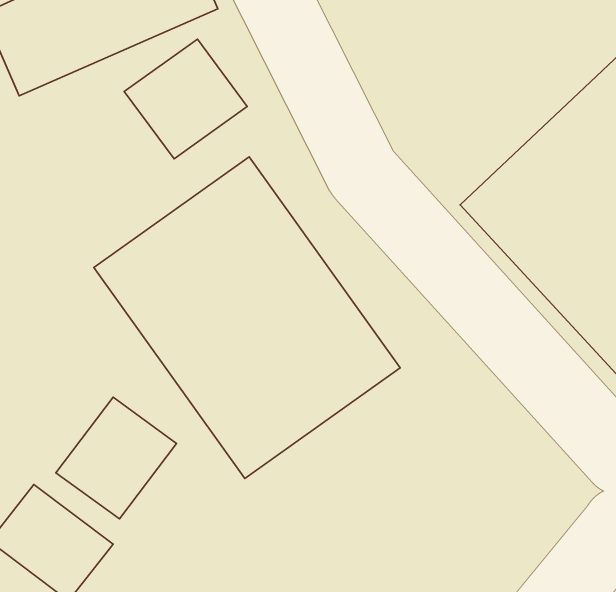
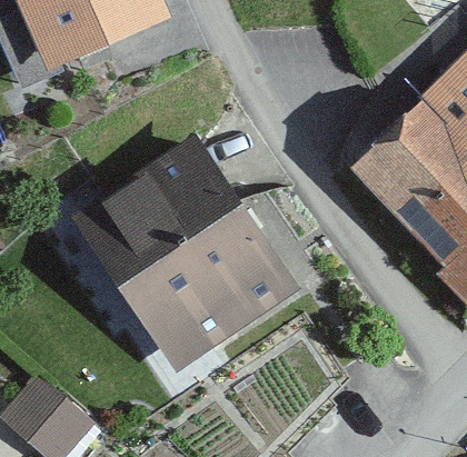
building: [124,39,247,159] -> none
building: [56,397,177,519] -> none

